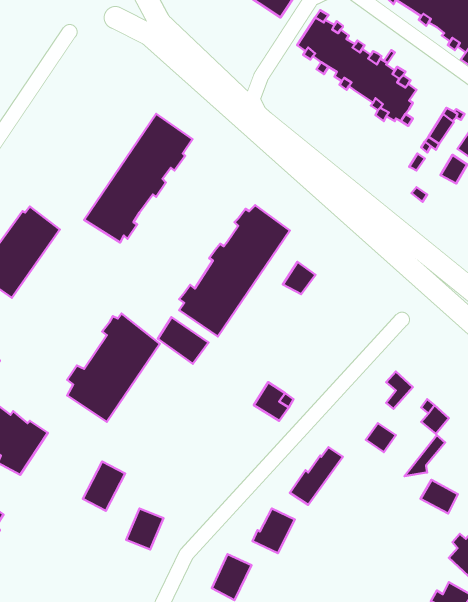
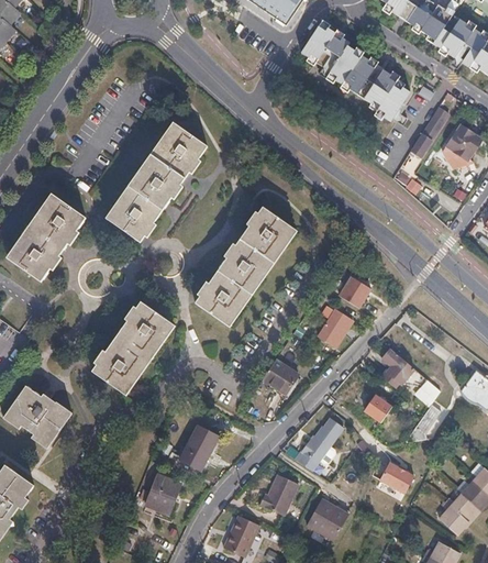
building: [283,262,316,294] -> [340,280,369,310]
building: [158,317,208,364] -> none
building: none -> [318,311,353,346]
building: [83,462,125,511] -> [179,427,218,472]
building: [421,480,458,513] -> [379,463,413,494]
building: none -> [308,503,350,541]

